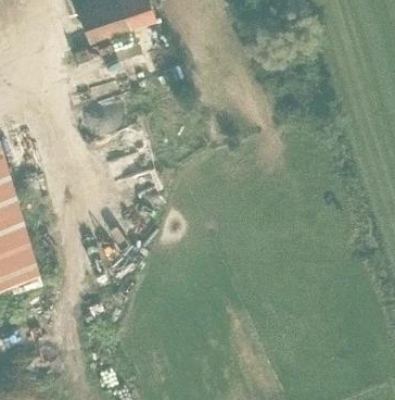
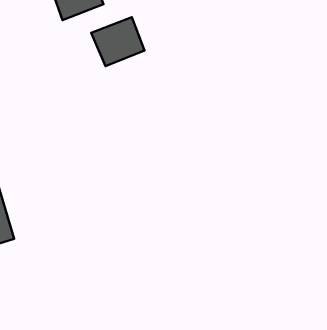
building: none -> [91,17,145,66]

